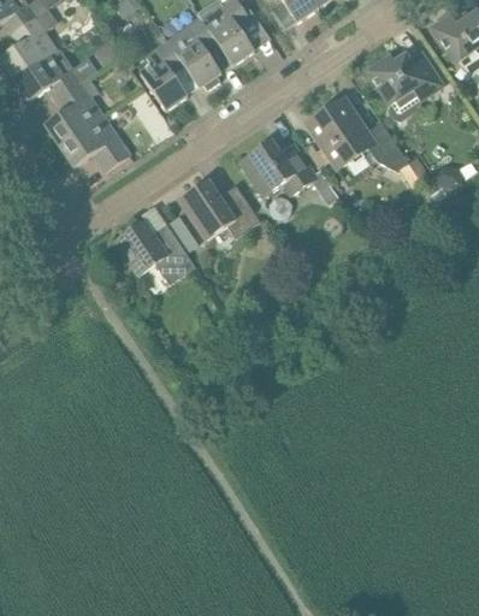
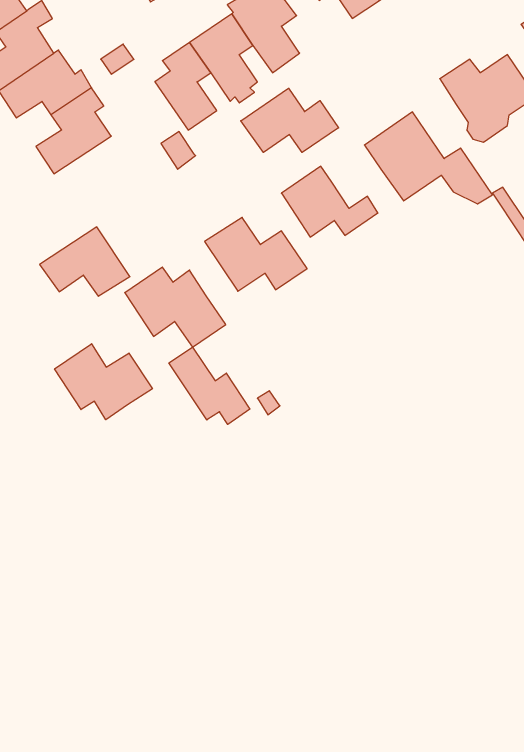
building: none -> [241,88,339,152]
building: [58,114,130,170] -> [40,227,130,296]
building: none -> [55,344,152,420]
building: none -> [169,347,250,424]

